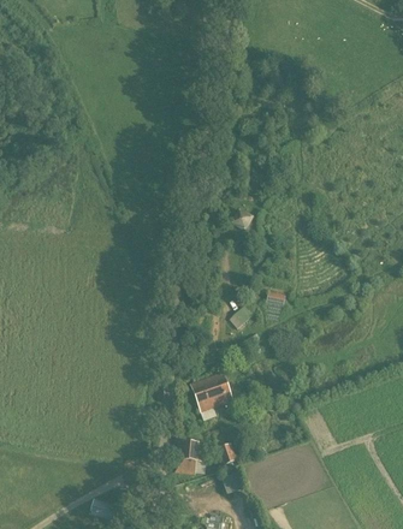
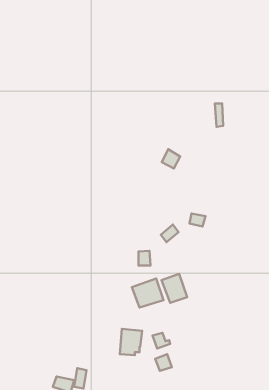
building: none -> [161,274,187,303]

